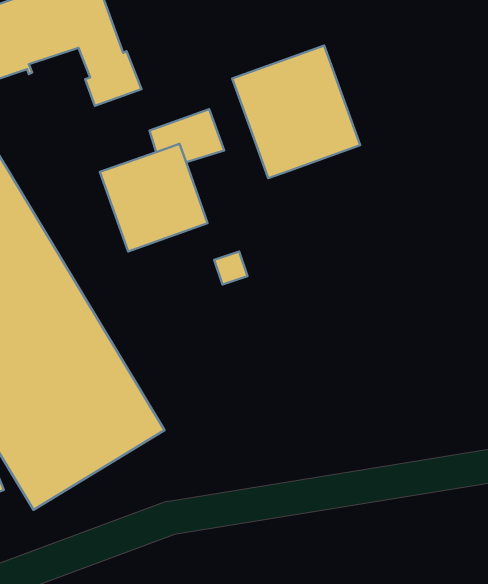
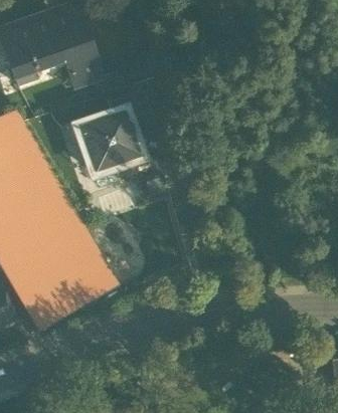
building: [232,45,360,178] -> none

